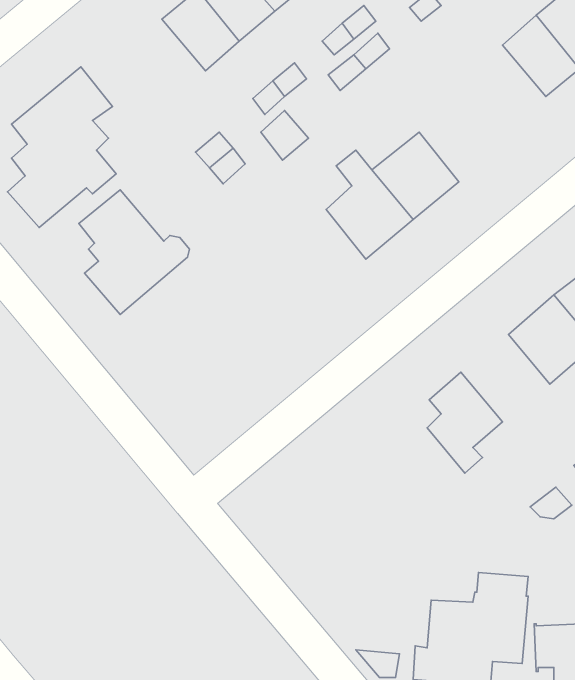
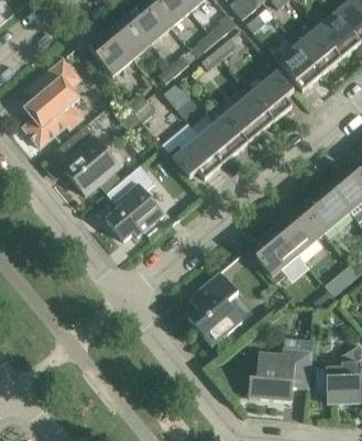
building: none -> [88,31,132,76]
building: none -> [277,45,321,90]
building: none -> [251,65,293,121]
building: none -> [167,136,221,178]
building: none -> [105,165,164,241]
building: none -> [274,206,323,254]
building: none -> [187,271,241,346]

